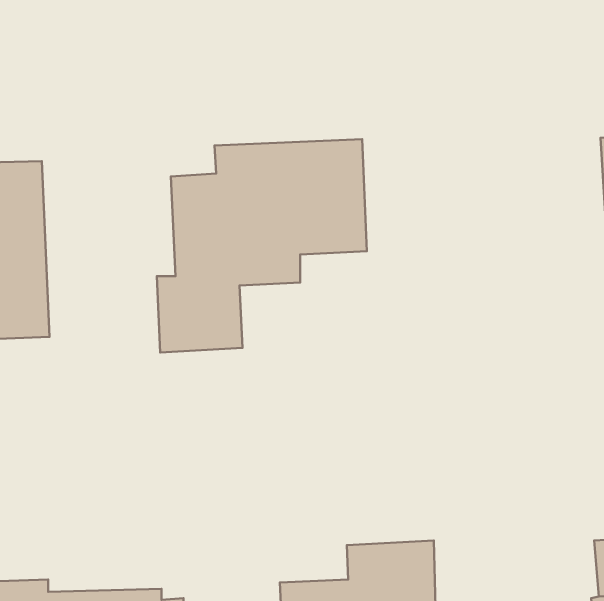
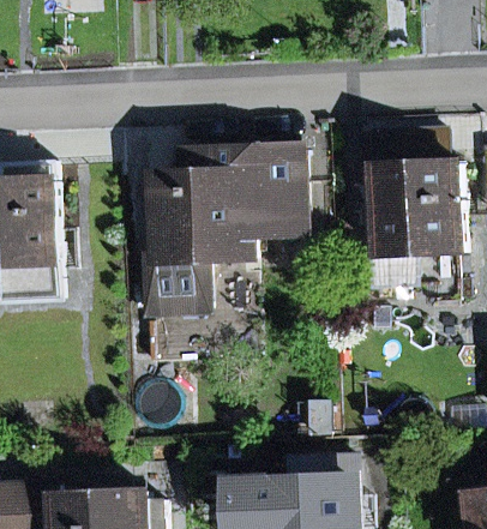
building: none -> [372,163,463,258]

